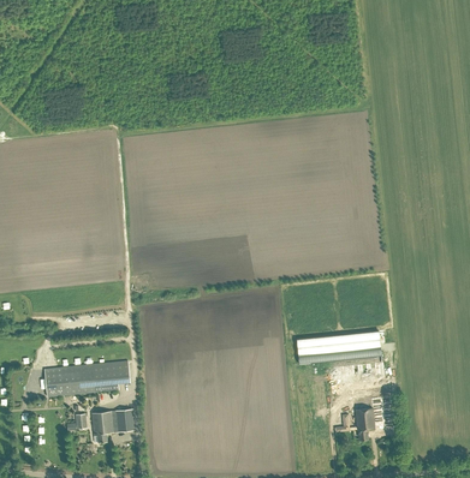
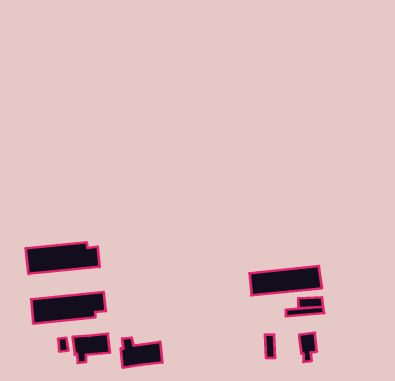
building: none -> [26,242,99,274]
building: none -> [121,338,162,368]

